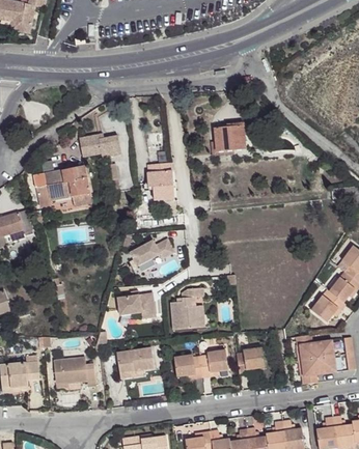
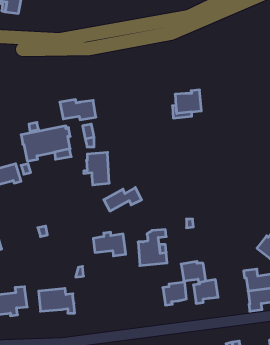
building: [143,162,173,200] -> [84,152,109,185]
building: [116,347,154,378] -> none
building: [173,354,202,378] -> [181,261,206,283]

